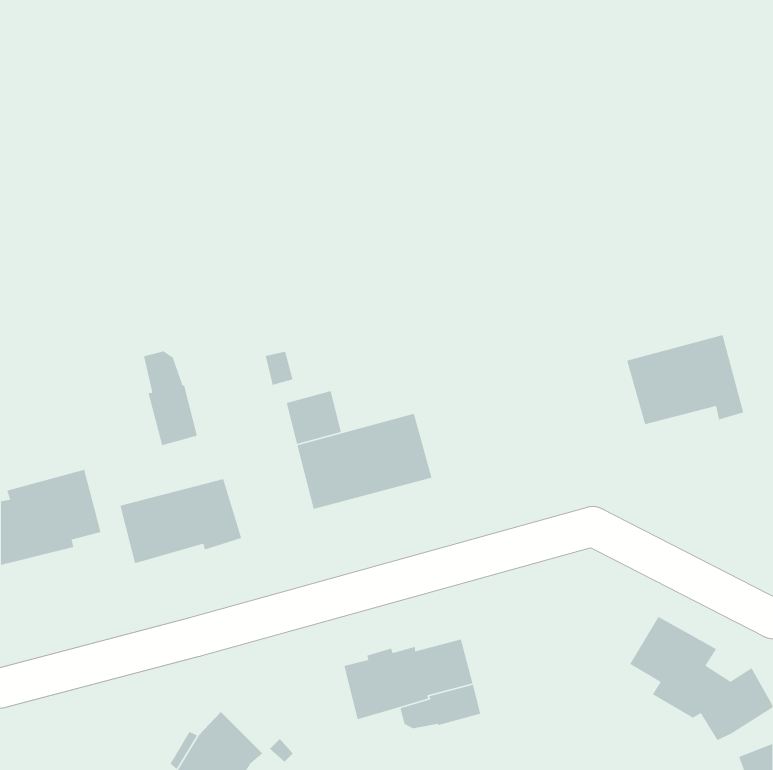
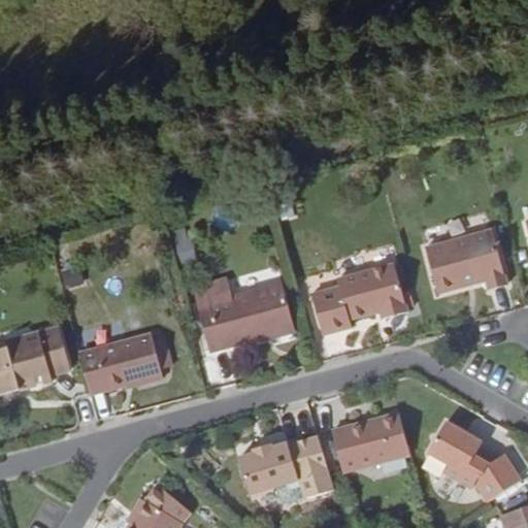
building: [143,351,198,446] -> none
building: none -> [323,266,407,332]
building: none -> [330,412,408,470]

